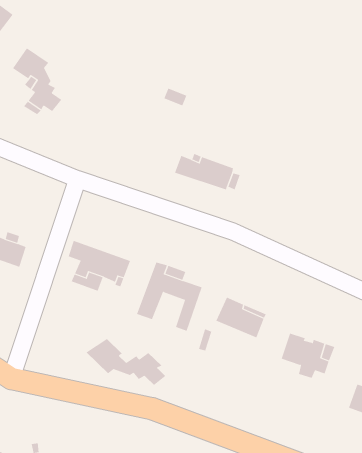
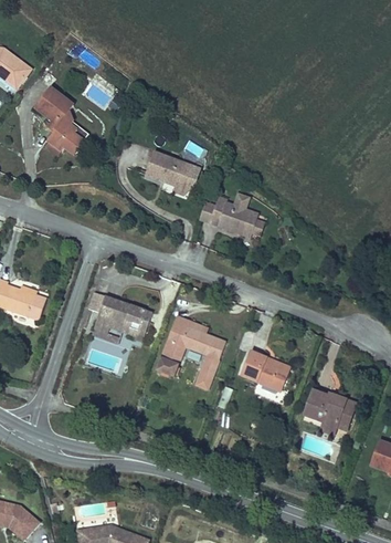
building: none -> [142,157,191,195]
building: [86,338,166,386] -> none

